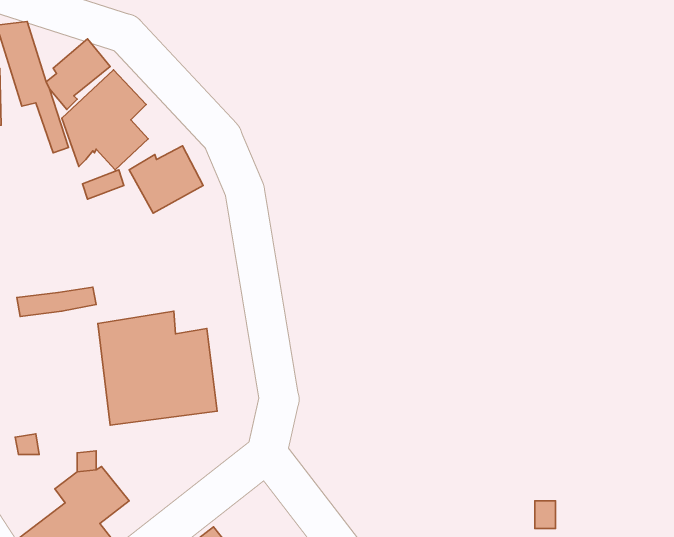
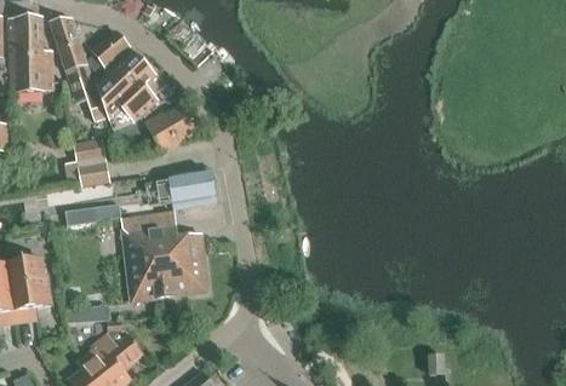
building: none -> [72,137,109,185]
building: none -> [148,166,215,208]

